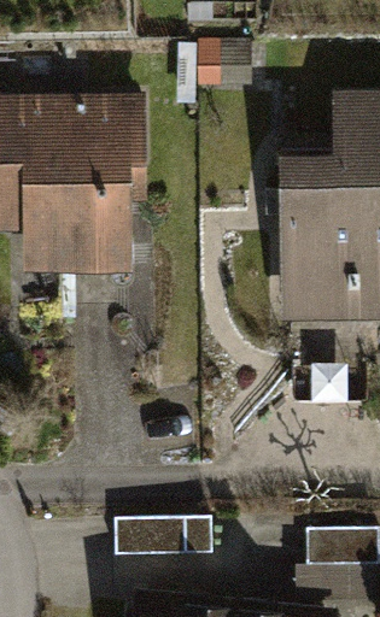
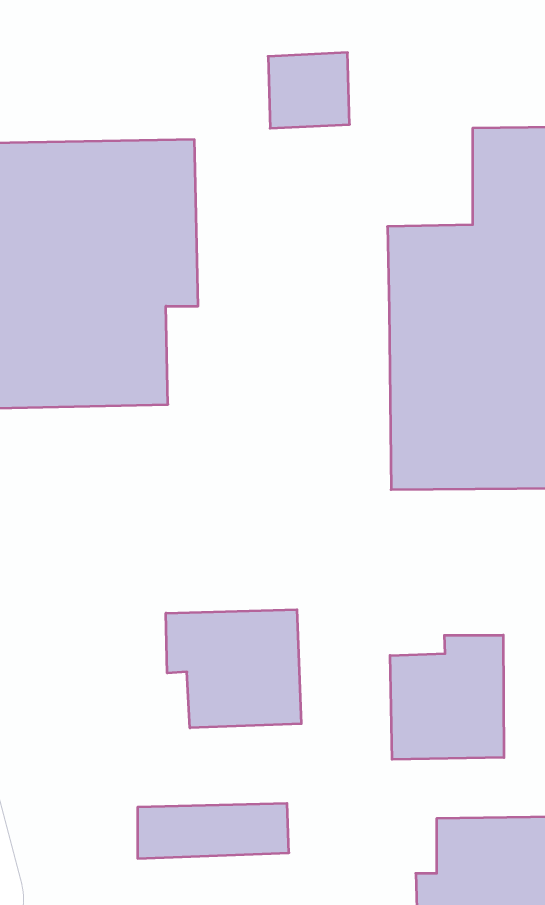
building: none -> [166,610,301,728]
building: none -> [390,635,504,759]

